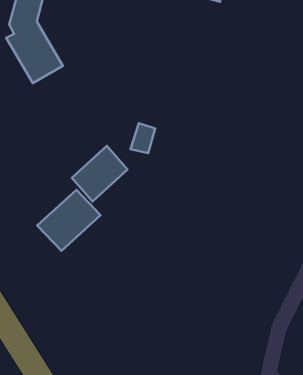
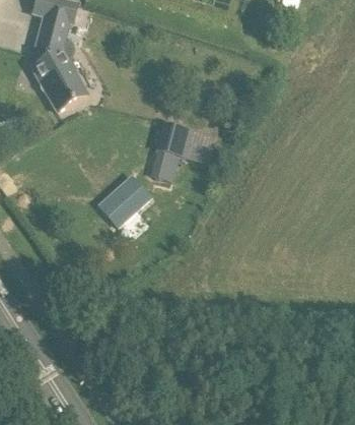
building: none -> [158,124,193,157]
building: [37,190,101,251] -> none

